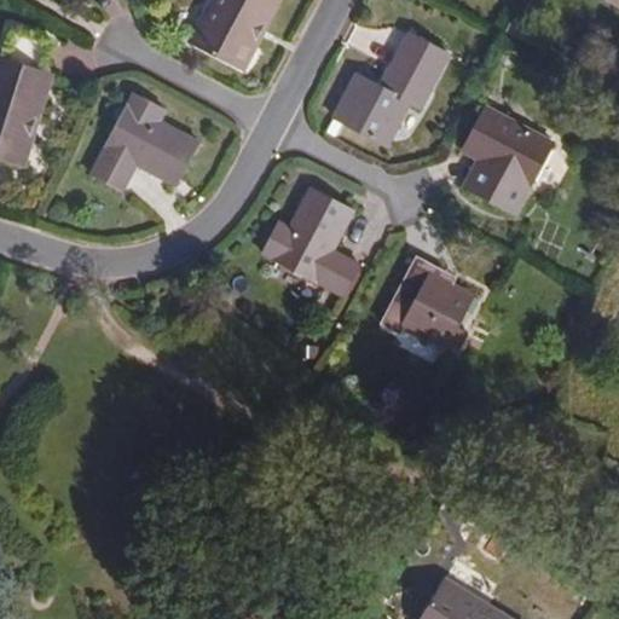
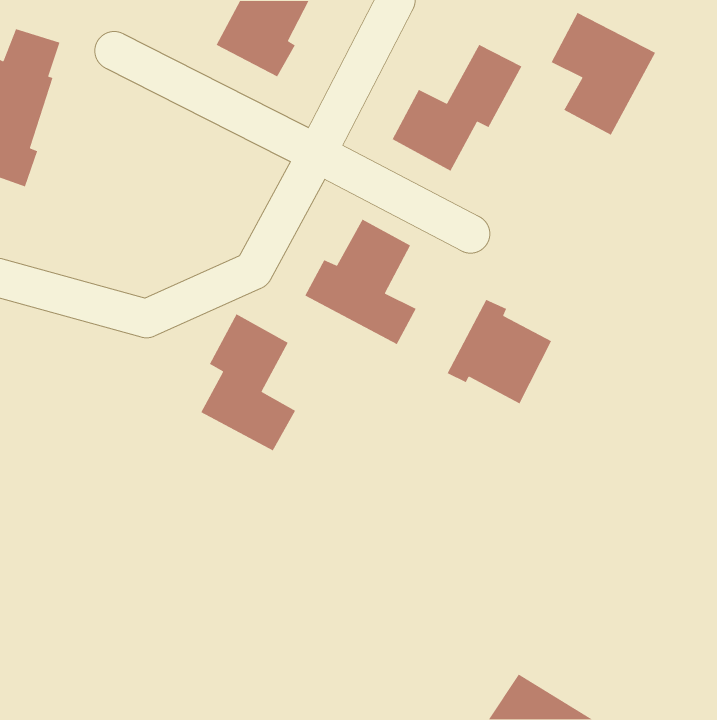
building: [92,91,201,186] -> none
building: [464,108,555,214] -> [551,12,656,136]
building: none -> [200,313,296,452]

